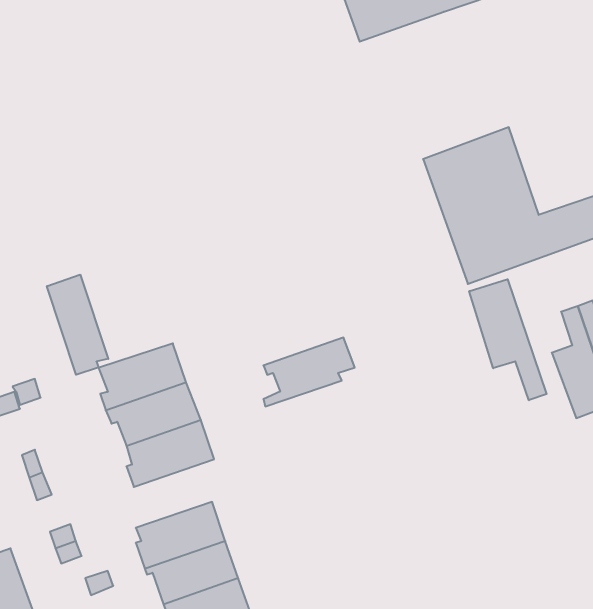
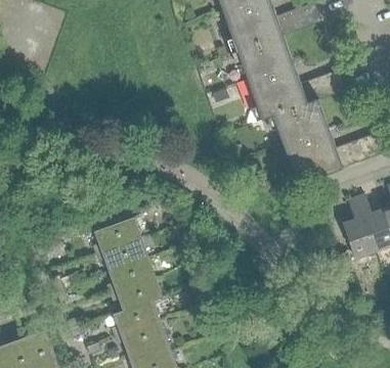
building: none -> [236,34,345,118]
building: [47,275,108,375] -> none
building: [469,279,547,400] -> none
building: [263,338,355,406] -> [113,279,163,317]

